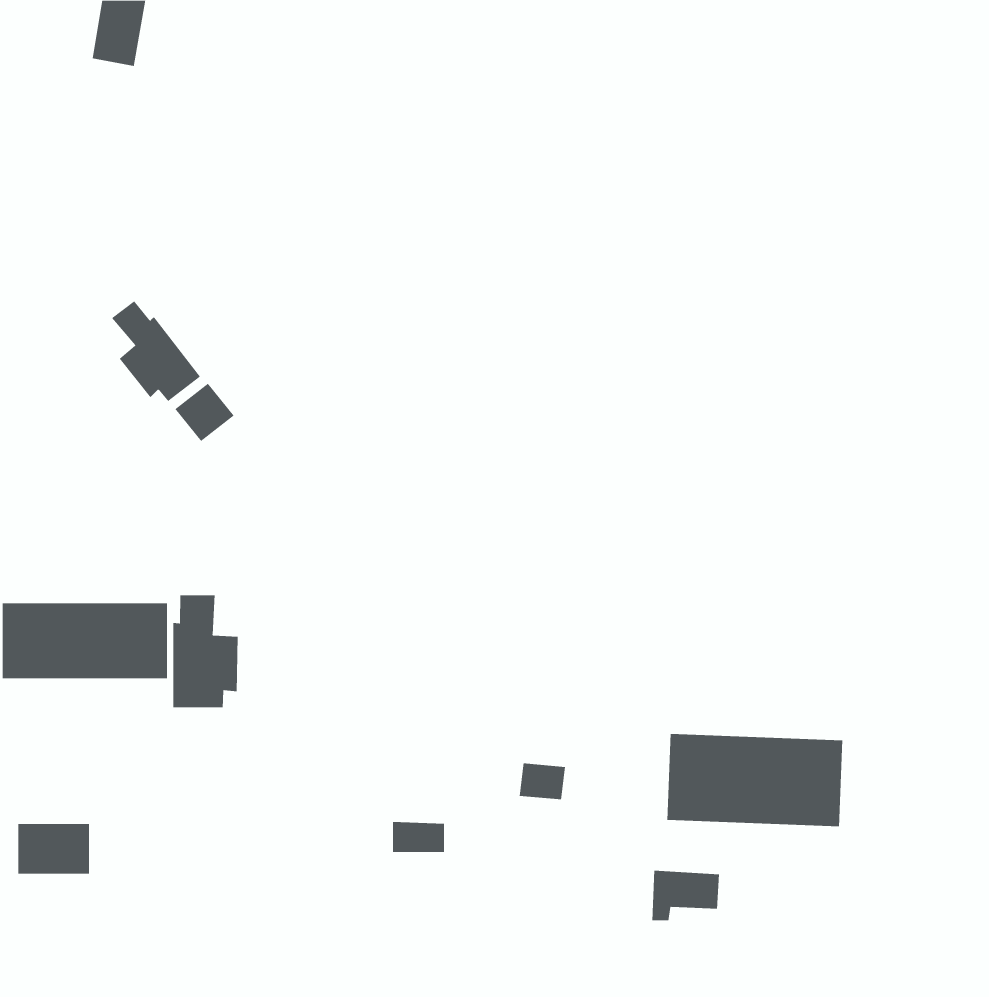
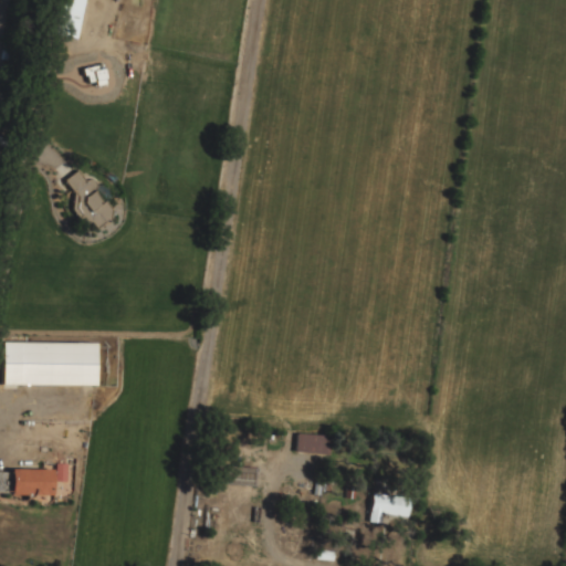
building: [174,383,234,442] -> none
building: [173,594,238,708] -> none
building: [667,733,843,827] -> none

